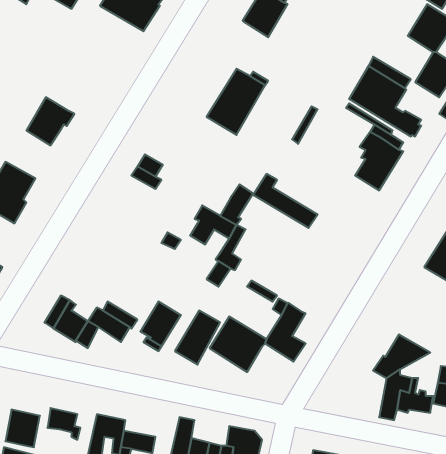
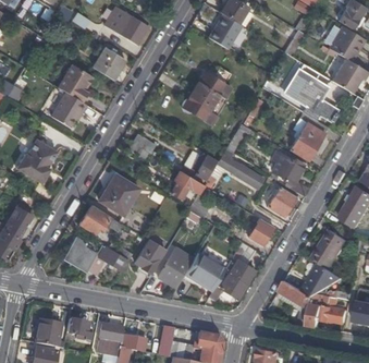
building: none -> [91,48,125,80]
building: none -> [57,64,93,102]
building: none -> [272,155,304,185]
building: none -> [99,174,138,215]
building: none -> [267,187,295,217]
building: none -> [78,206,119,233]
building: none -> [248,215,273,245]
building: none -> [312,229,347,269]
building: none -> [208,271,245,301]
building: none -> [279,280,312,325]

